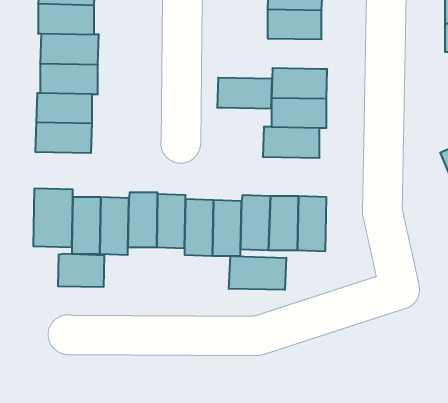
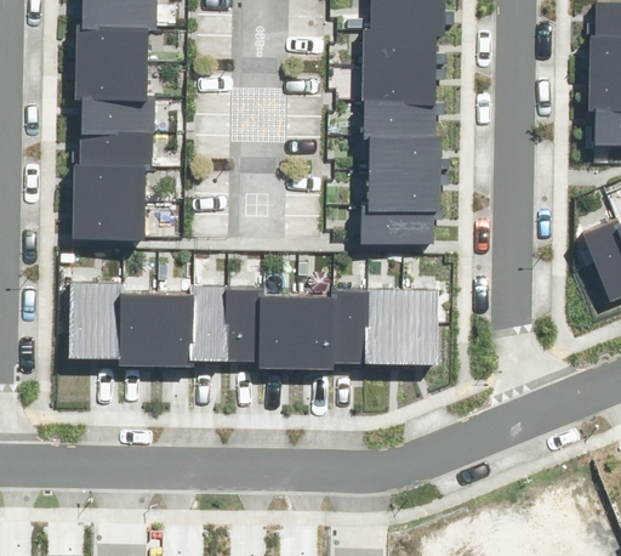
building: [217,78,272,109] -> [364,93,433,132]
building: [58,254,104,287] -> none
building: [229,256,286,290] -> none

